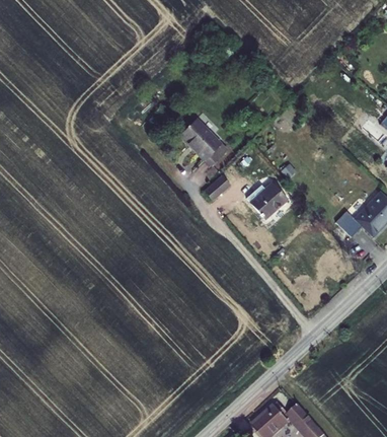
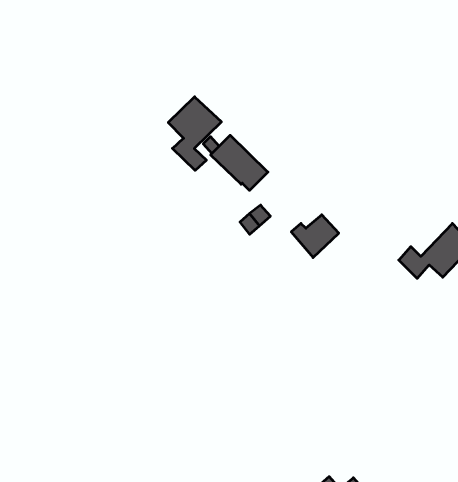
building: none -> [168,97,221,170]

